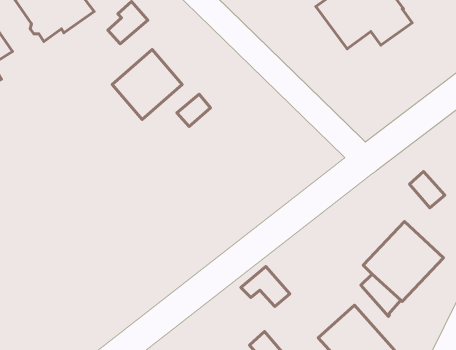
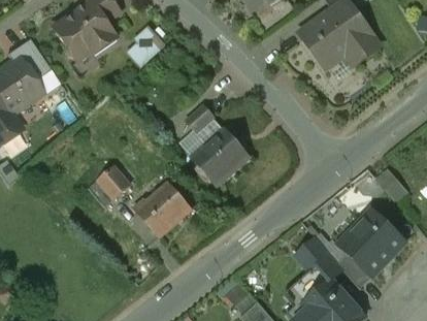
building: [112,50,182,120] -> [191,129,249,187]
building: none -> [88,166,129,207]
building: none -> [133,183,191,237]
building: [241,266,290,306] -> [294,238,334,271]

